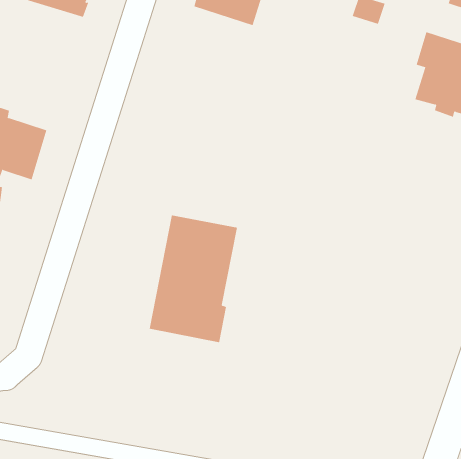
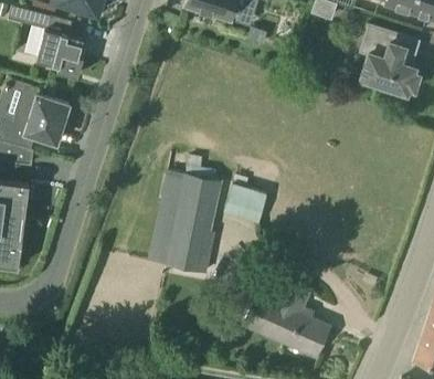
building: none -> [36,15,84,78]
building: none -> [223,178,266,225]
building: none -> [247,284,329,357]

